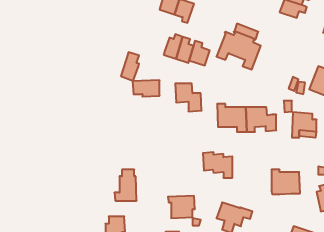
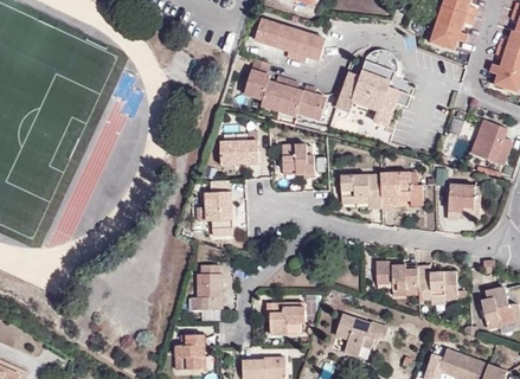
building: none -> [296,28,327,59]
building: [121,52,139,81] -> [245,56,271,97]
building: none -> [201,192,231,236]
building: [203,152,232,178] -> [374,262,417,298]

